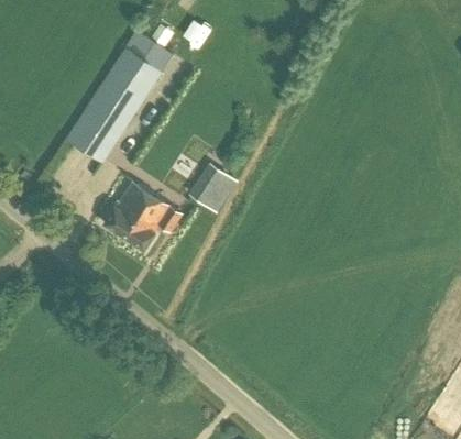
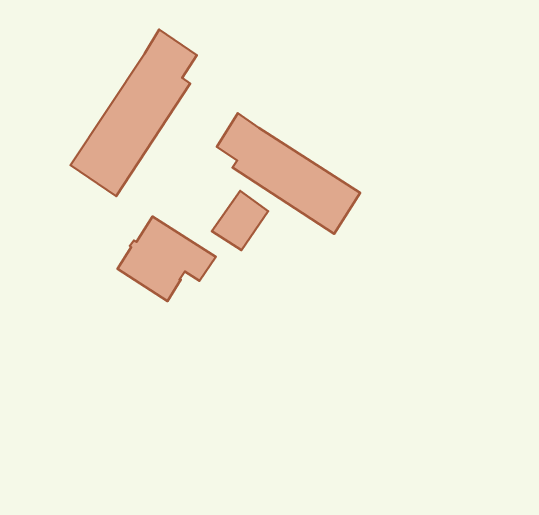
building: none -> [217,113,360,234]

